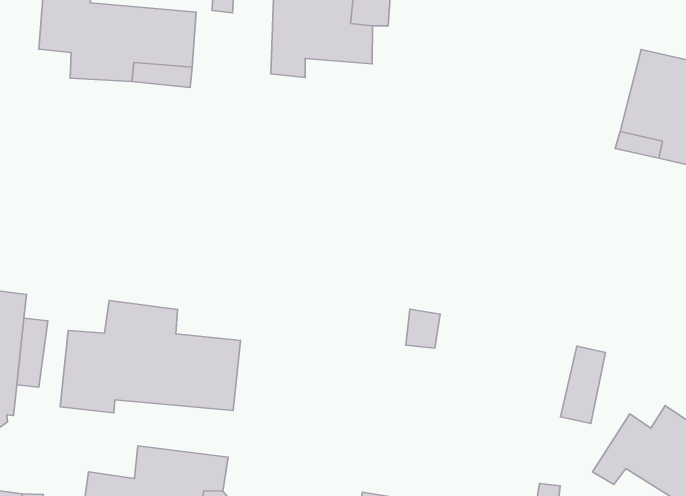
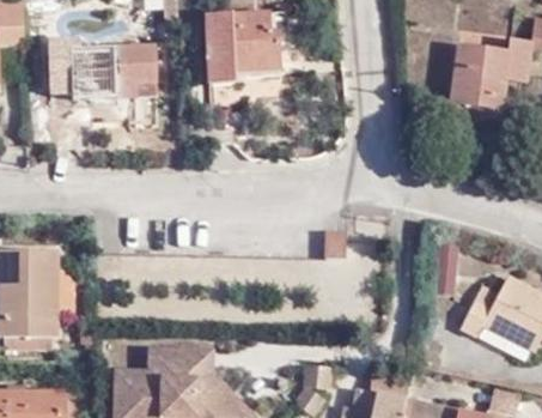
building: [60,300,241,413] -> none

